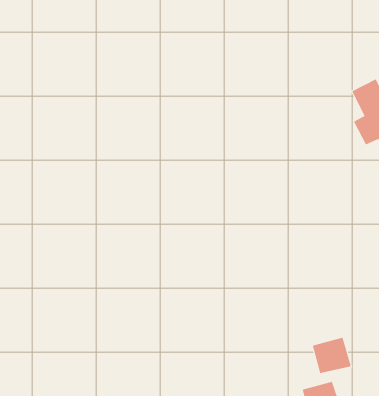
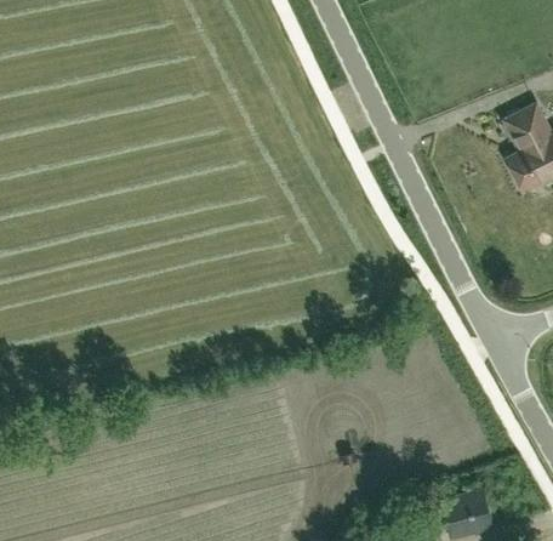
building: [312,337,352,374] -> none

